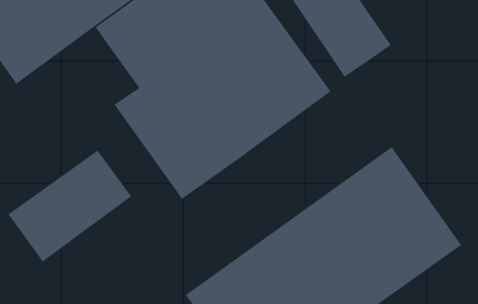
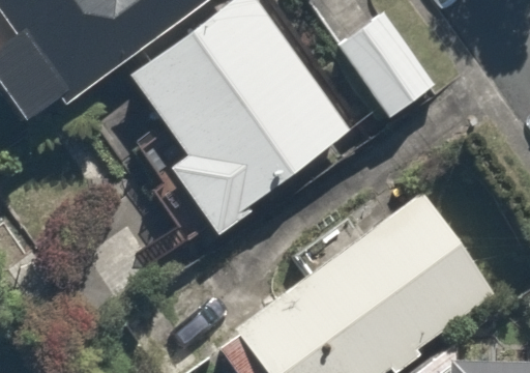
building: [8,150,132,263] -> none

